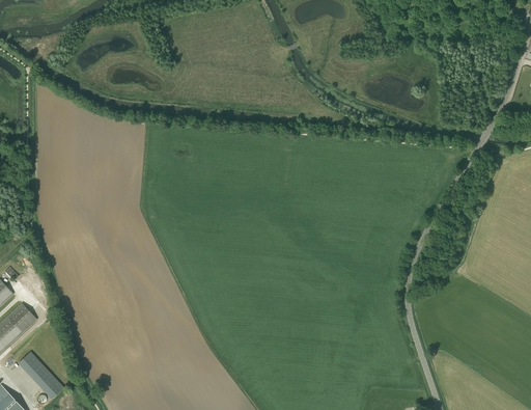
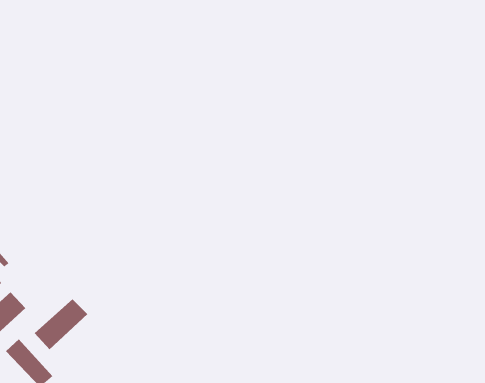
building: none -> [34,298,88,350]

